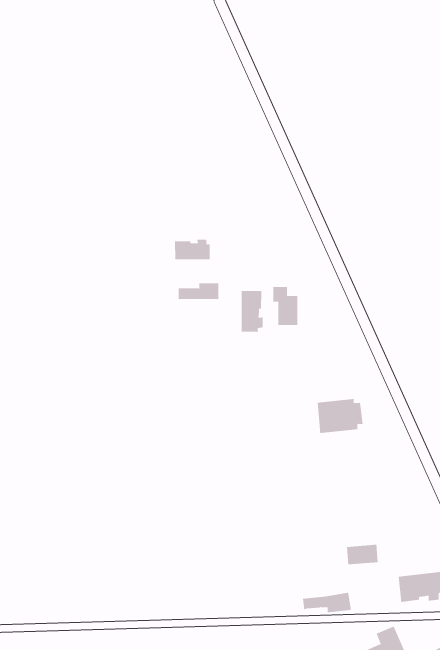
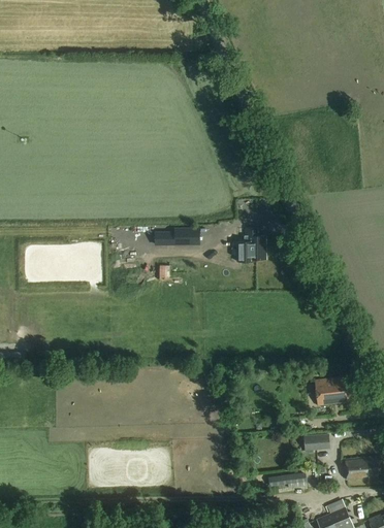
building: [174,239,210,260] -> none
building: [241,290,263,332] -> none
building: [317,398,363,433] -> [313,377,350,405]

